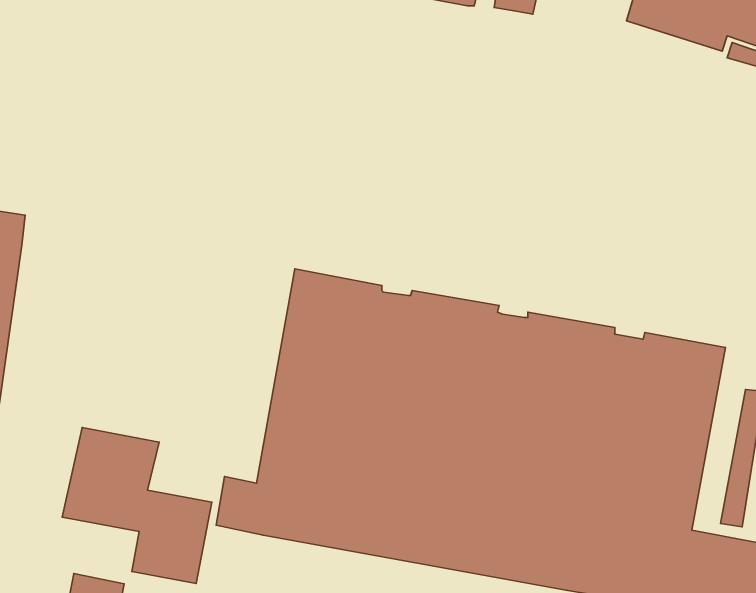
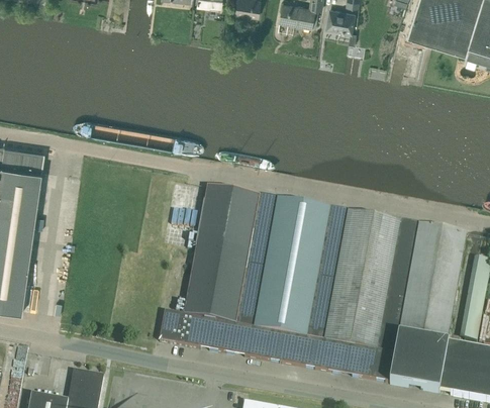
building: [62,428,212,584] -> none

